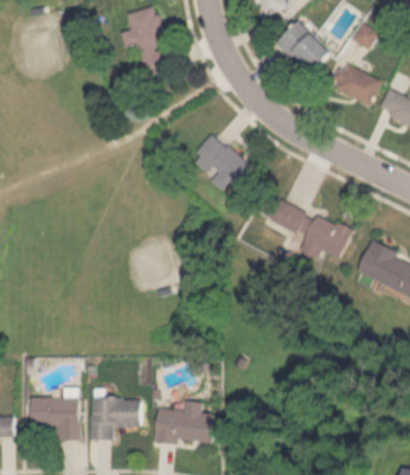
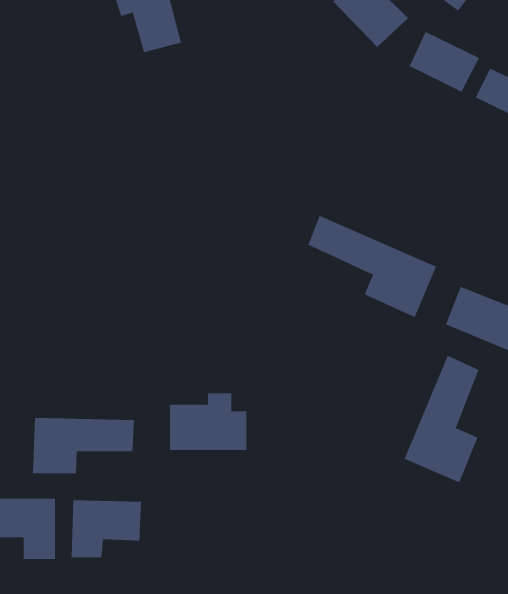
building: [193,135,256,191] -> none
building: none -> [404,355,479,483]
building: none -> [33,417,135,474]
building: [156,402,212,443] -> [169,393,247,451]

